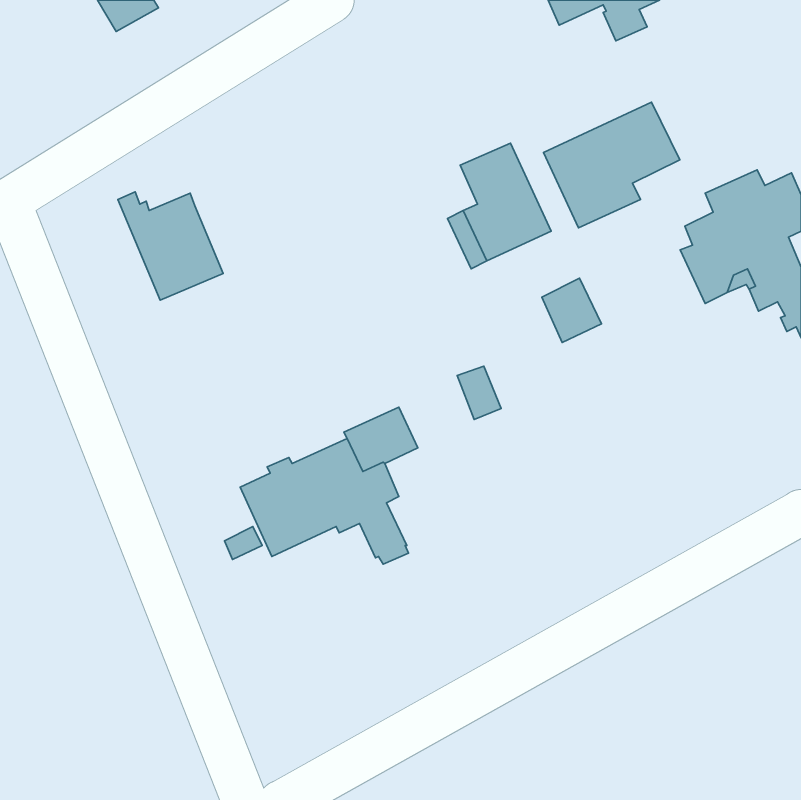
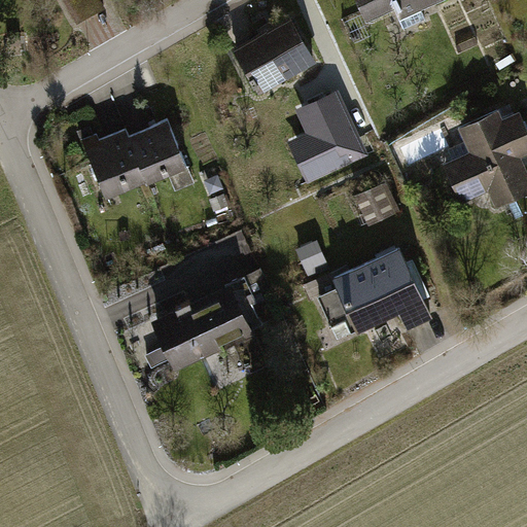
building: none -> [236,21,313,87]
building: [543,102,680,228] -> none
building: none -> [128,120,192,189]
building: none -> [319,249,430,326]

